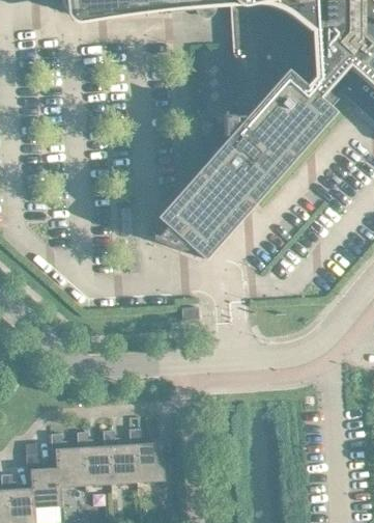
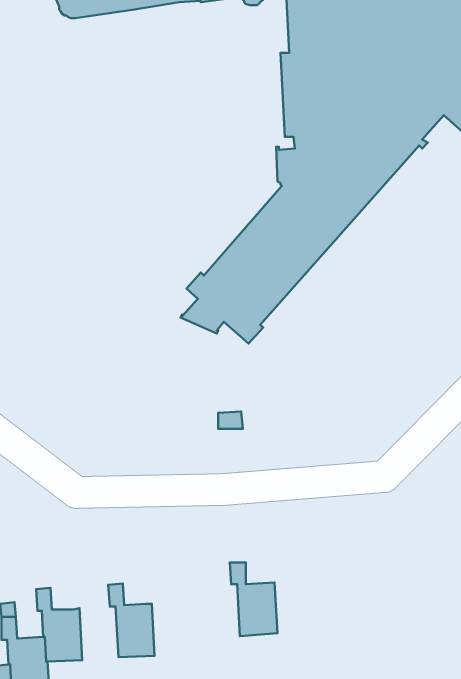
building: [134,426,168,479] -> [230,562,278,636]
building: [82,430,115,483] -> none

